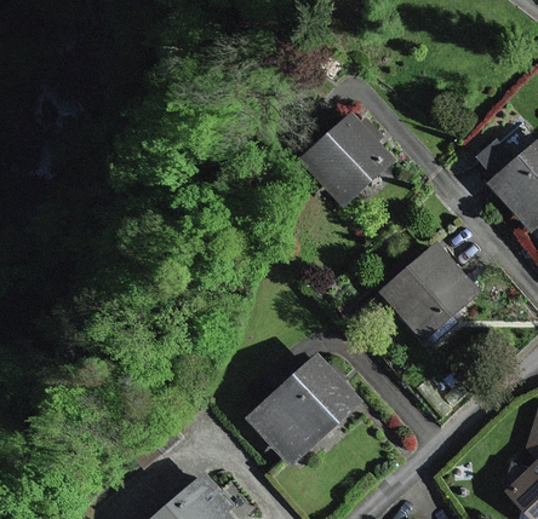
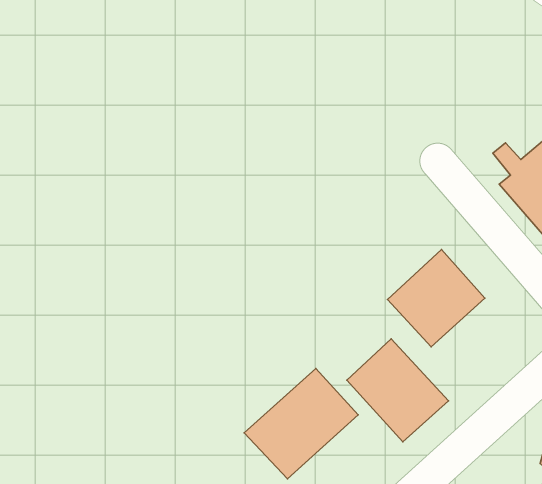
building: [303,117,389,202] -> none
building: none -> [347,339,449,442]

